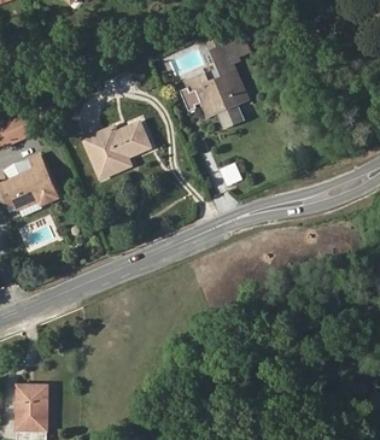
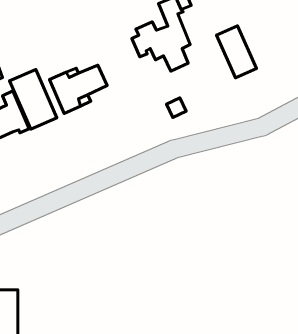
building: none -> [217,26,257,78]
building: none -> [10,70,57,129]

